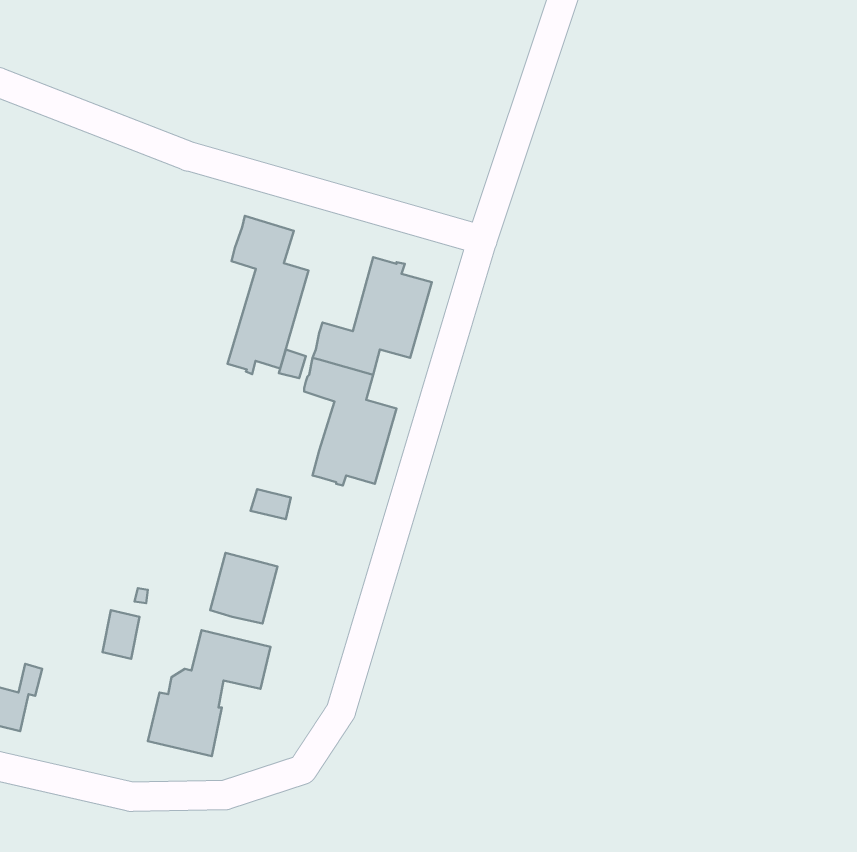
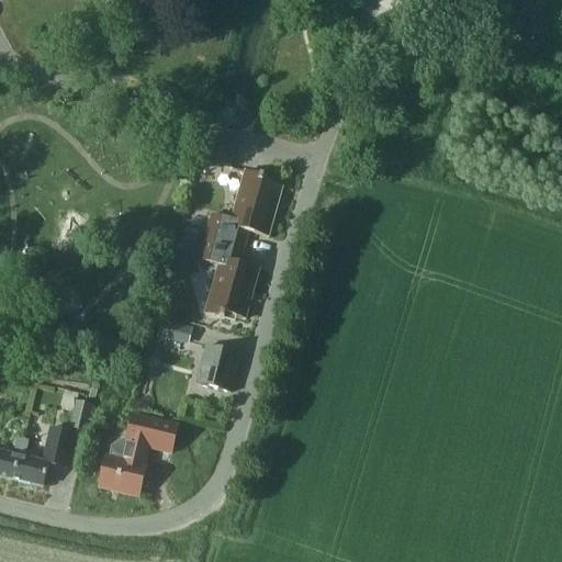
building: [228,216,308,374] -> none
building: [210,553,278,623] -> [194,344,238,390]
building: none -> [13,425,72,484]

